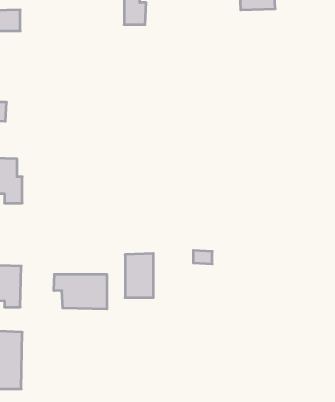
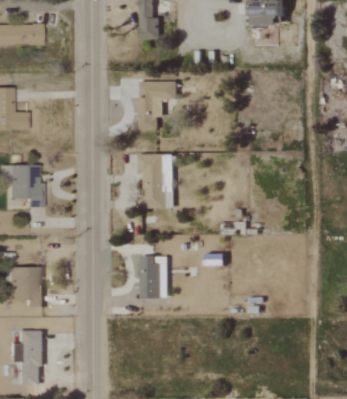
building: none -> [138,80,176,130]
building: none -> [137,154,173,208]
building: [54,274,107,309] -> none

